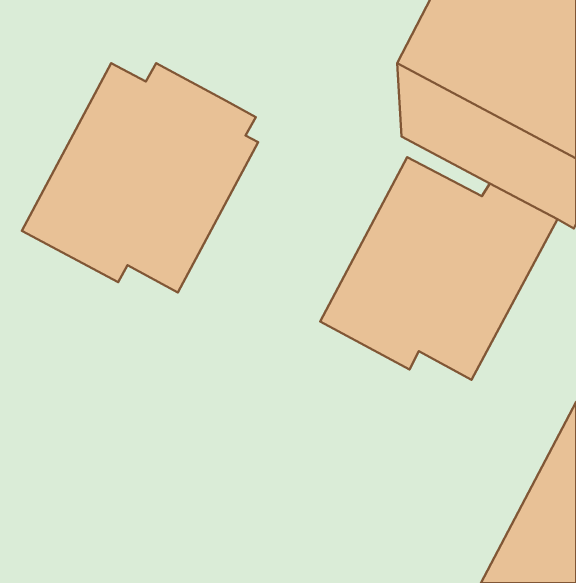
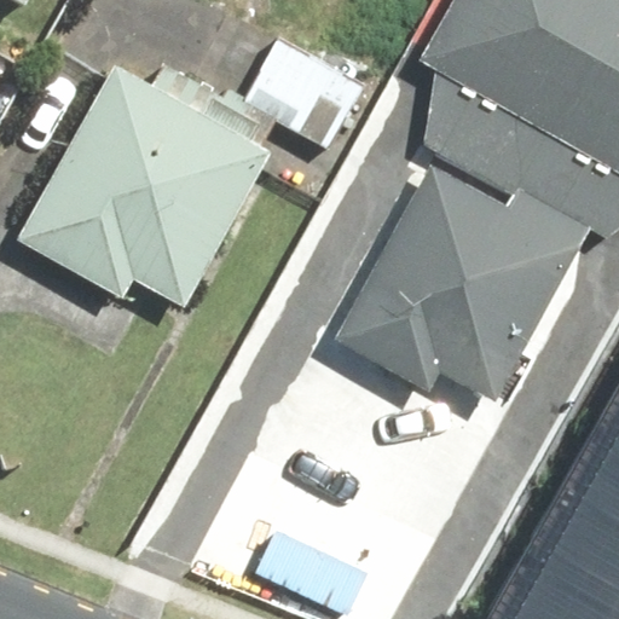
building: none -> [238,35,364,154]

